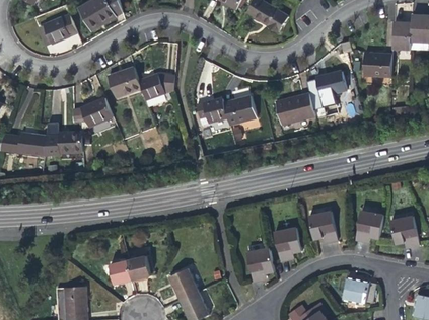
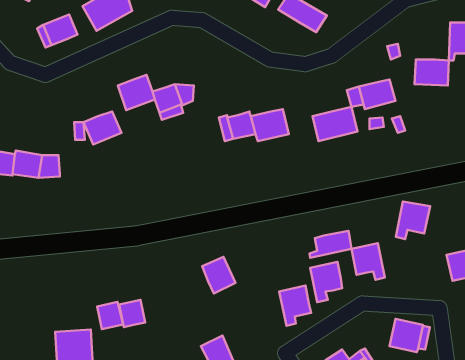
building: [58,133,81,153] -> none
building: none -> [310,231,352,258]
building: [354,211,383,243] -> [396,201,430,239]
building: [128,256,150,279] -> [97,302,123,329]
building: [169,268,198,300] -> [202,257,235,293]

